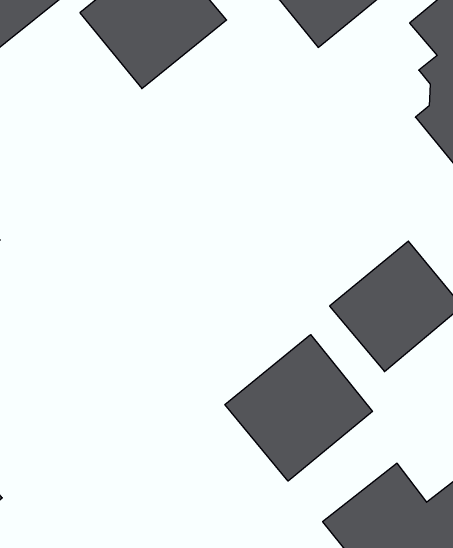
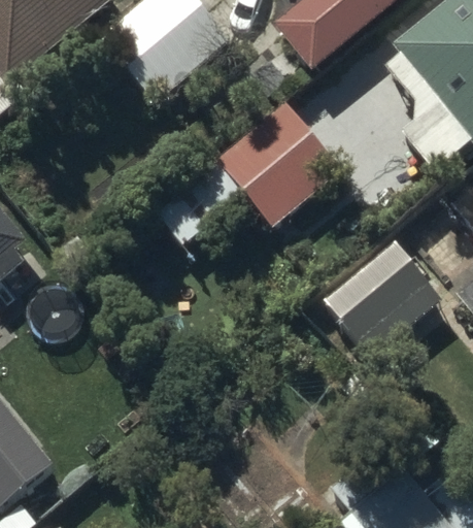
building: none -> [216,101,342,227]
building: [225,335,372,481] -> none

